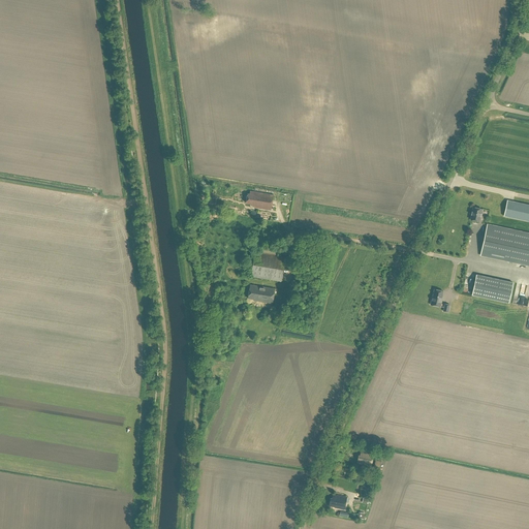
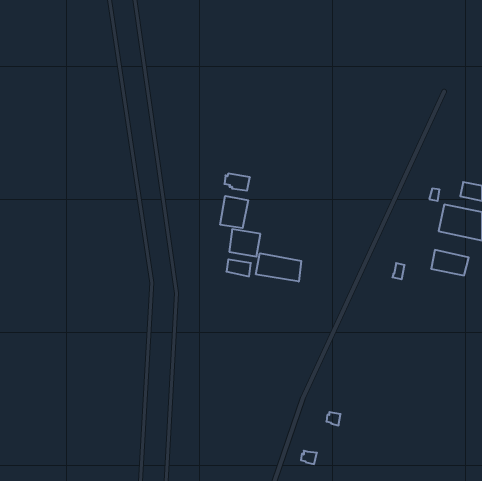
building: none -> [220,196,248,228]
building: none -> [256,253,301,282]

